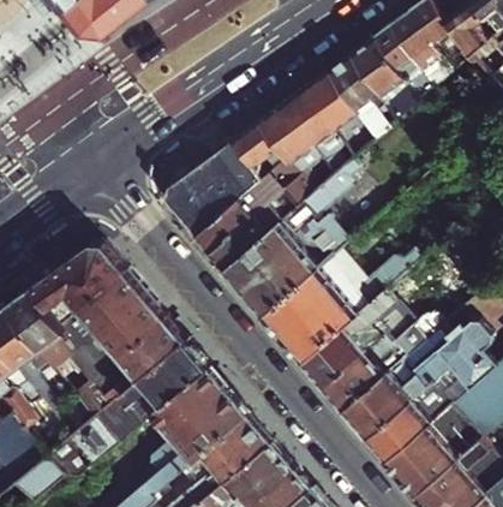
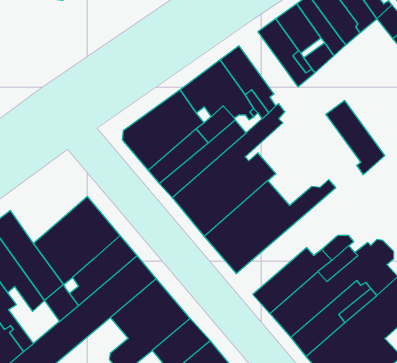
building: [304,72,375,161] -> [326,101,385,175]
building: [29,245,121,327] -> none
building: [300,291,394,388] -> none

